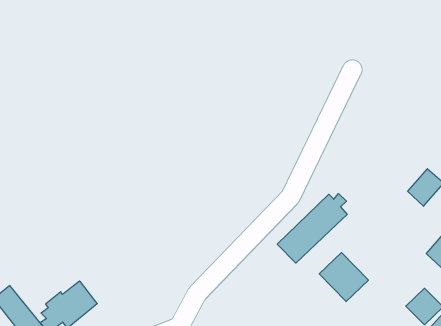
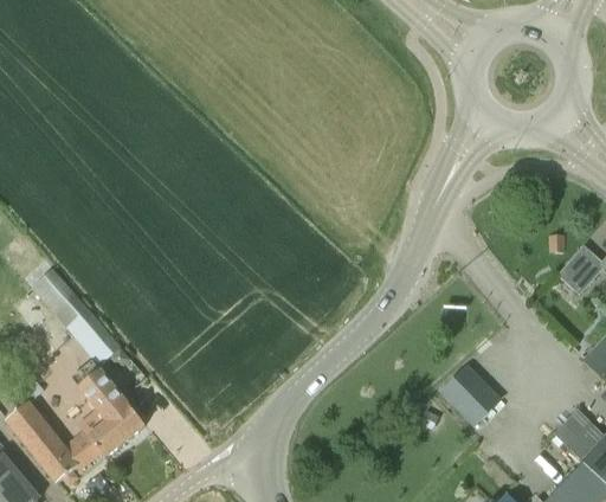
building: none -> [30,270,118,365]
building: [277,194,347,263] -> none
building: none -> [79,373,121,413]

